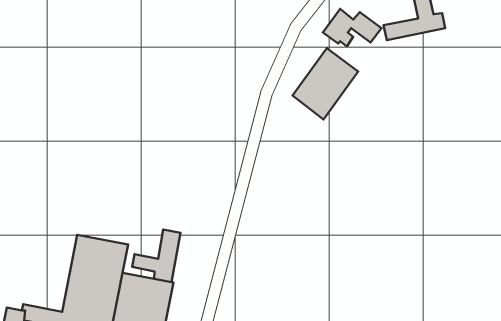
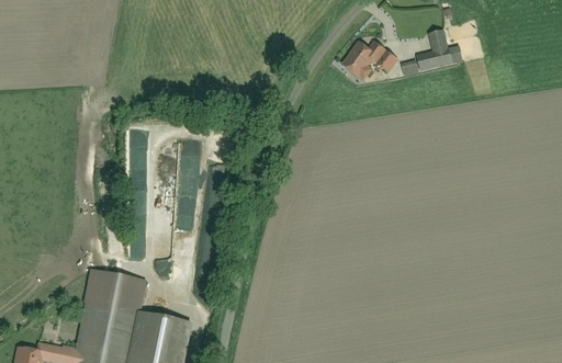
building: [292,48,358,119] -> none
building: [132,229,181,282] -> none

